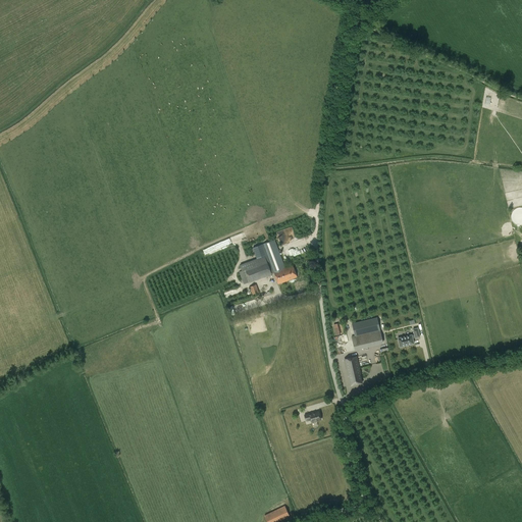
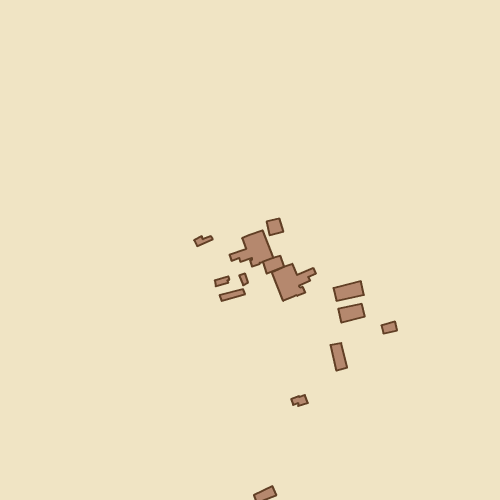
building: none -> [272,264,316,301]
building: [351,330,382,351] -> [333,281,364,301]

